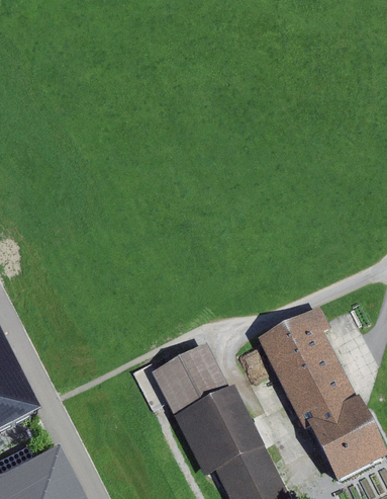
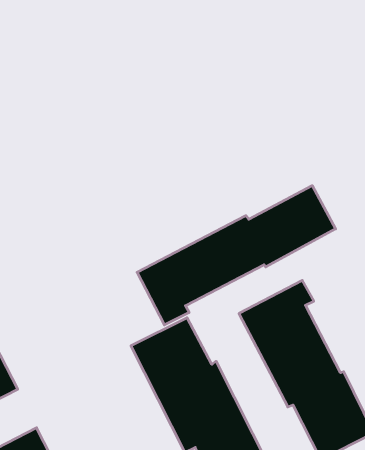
building: none -> [137,186,336,325]

